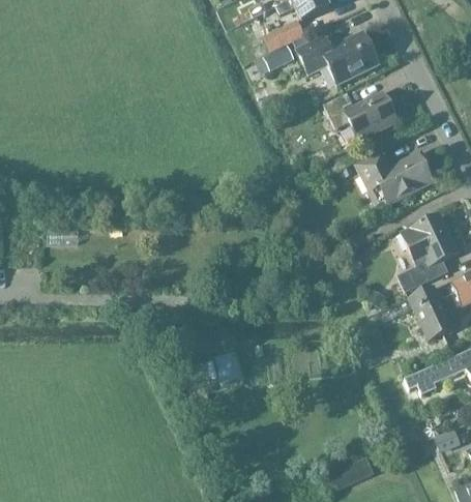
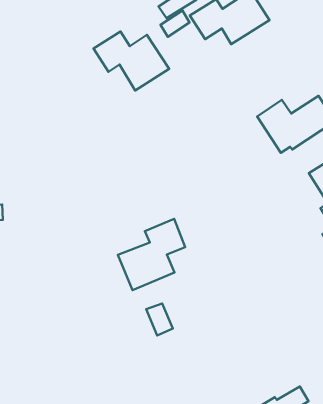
building: none -> [93,31,169,91]
building: [323,91,396,139] -> none
building: none -> [118,219,185,290]

